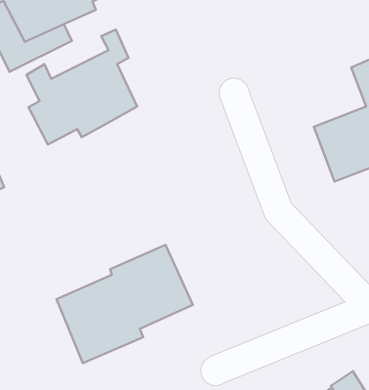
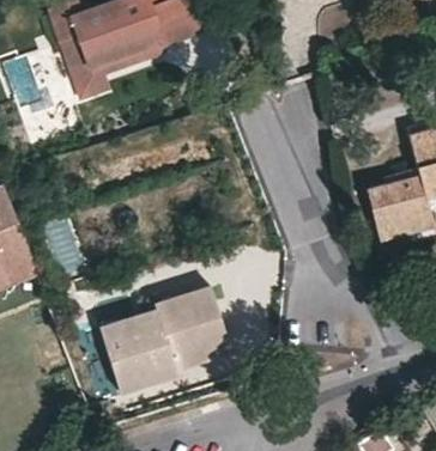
building: [26,29,137,145] -> none

